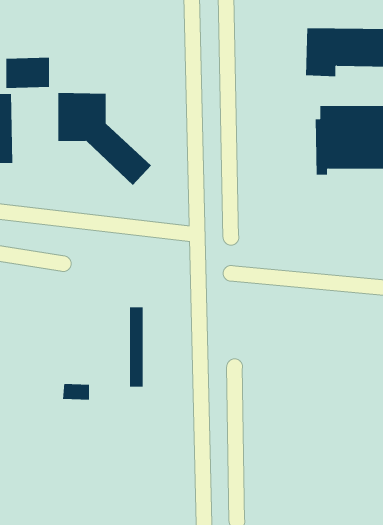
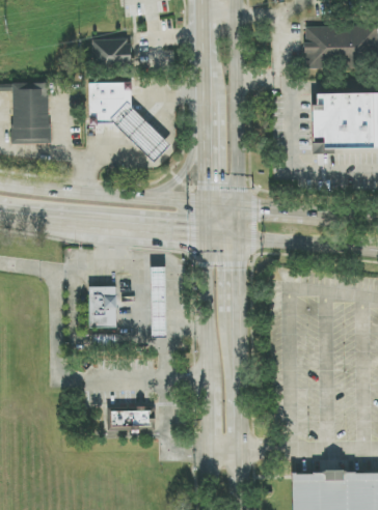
building: [6,57,50,88] -> [91,37,130,64]
building: none -> [88,285,116,325]
building: none -> [105,408,153,428]

